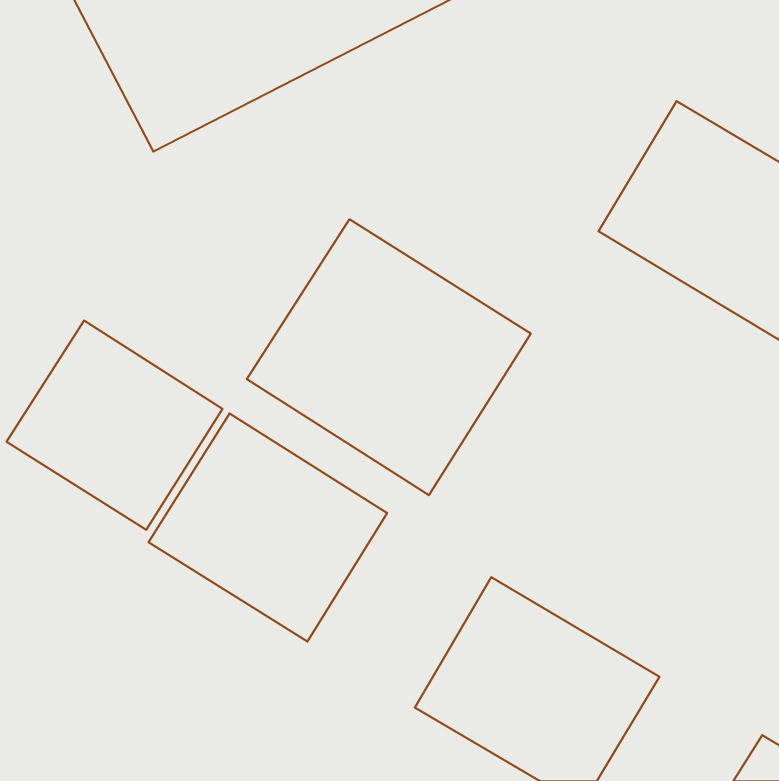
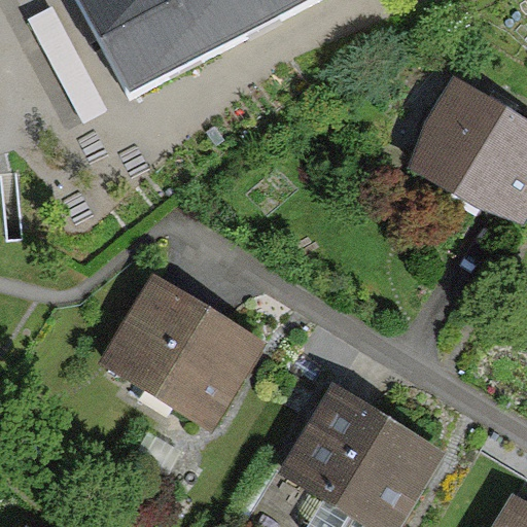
building: [247,219,531,495] -> none
building: [7,320,222,530] -> none

